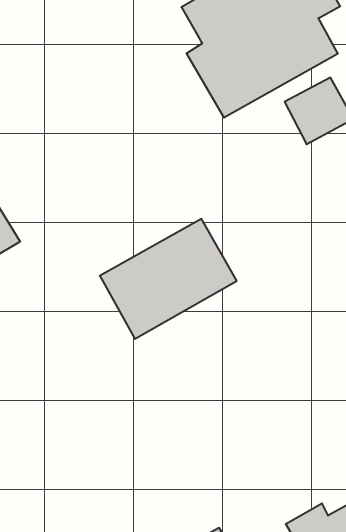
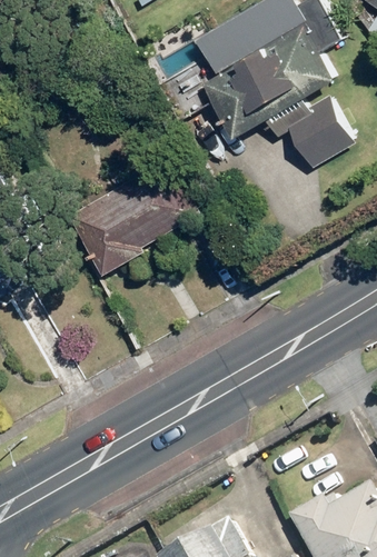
building: [100,219,237,339] -> [76,157,201,267]

